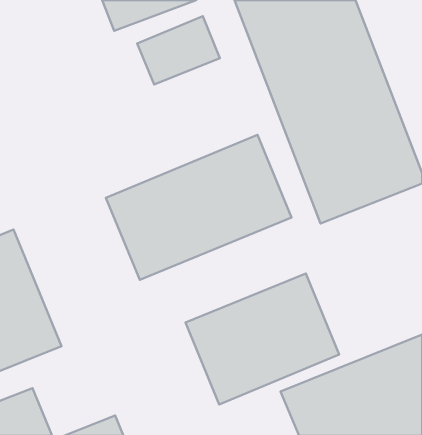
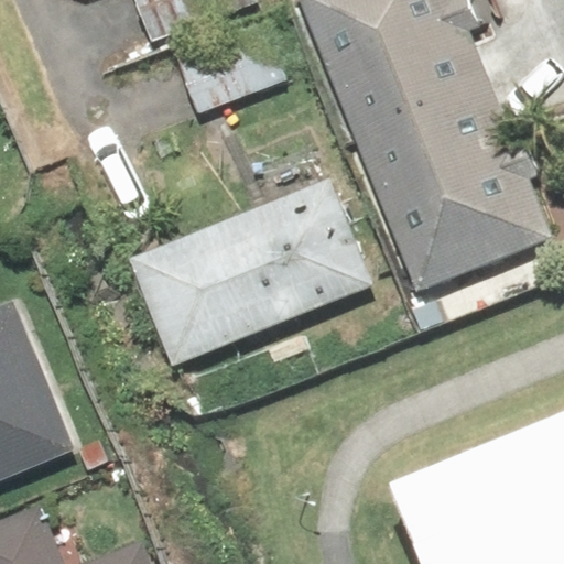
building: [185,273,339,404] -> none

